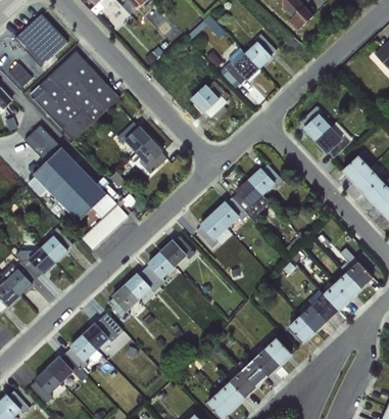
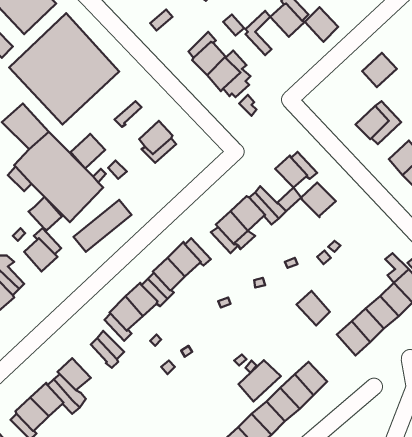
building: [232,53,259,82] -> [305,7,338,42]
building: [302,113,331,142] -> [362,53,397,87]
building: [124,126,152,154] -> [70,134,105,168]
building: [235,179,263,207] -> [301,183,336,217]
building: [28,247,55,275] -> [28,197,62,230]
building: [287,316,314,344] -> [297,291,330,325]
building: [81,323,109,352] -> none
building: none -> [238,360,281,402]

